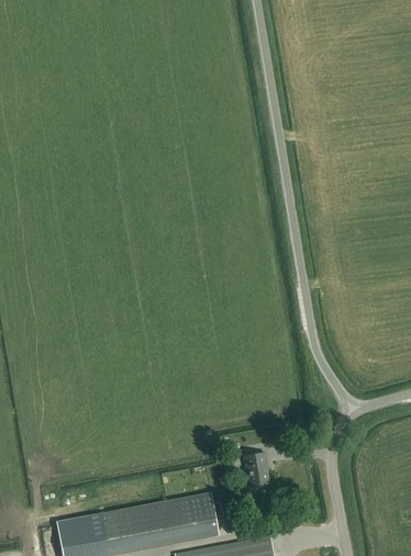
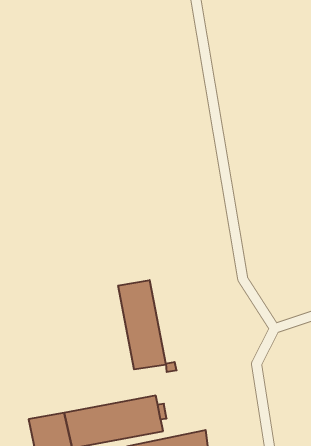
building: none -> [118,280,166,369]
building: [244,454,267,489] -> none

